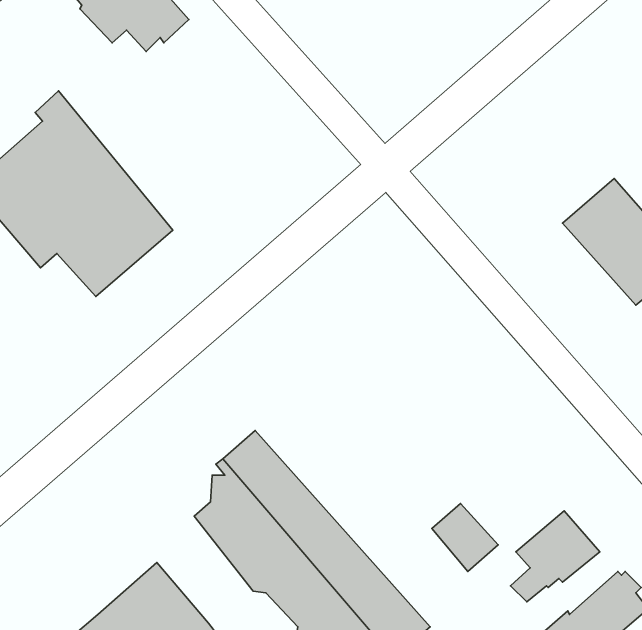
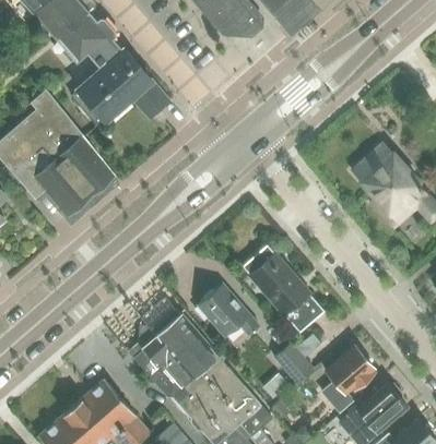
building: none -> [73,47,173,120]
building: none -> [243,245,326,333]
building: none -> [196,284,261,337]

